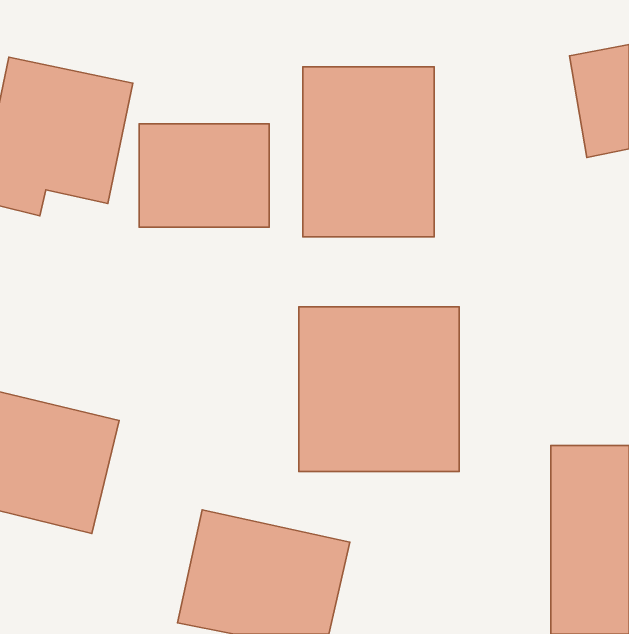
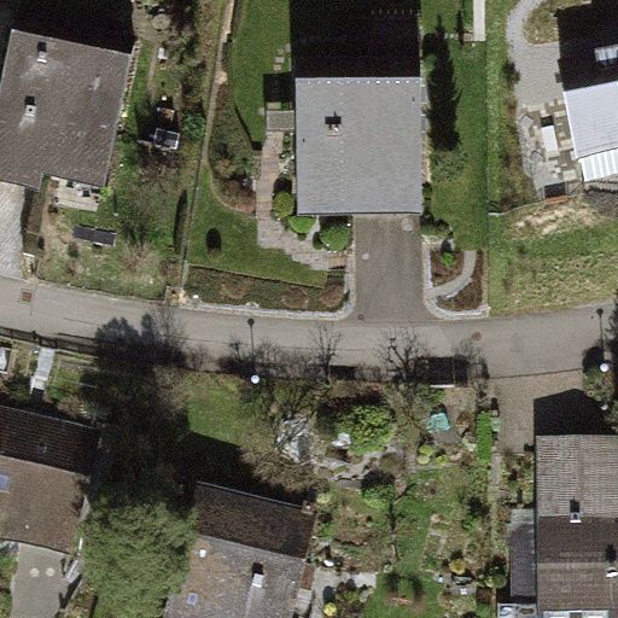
building: [139,124,269,227] -> none
building: [299,307,459,471] -> none

